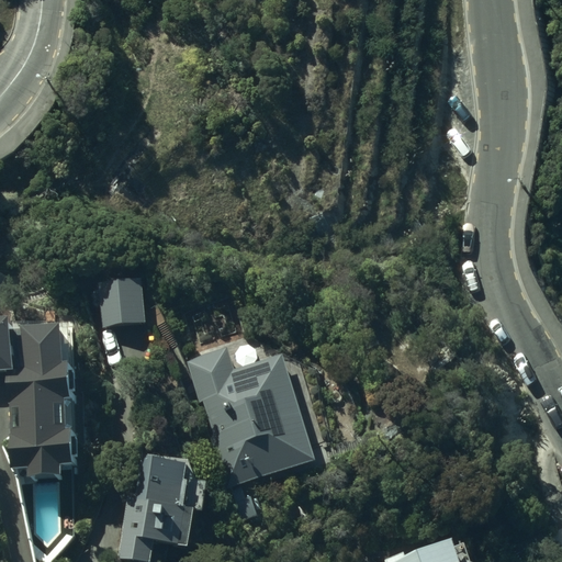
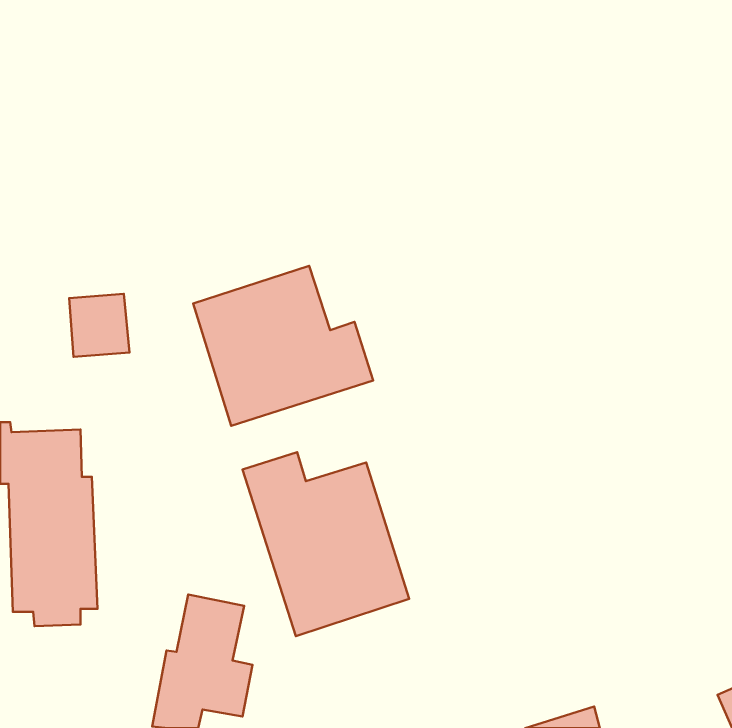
building: none -> [193,266,373,426]
building: [100,277,146,325] -> [69,294,129,357]

